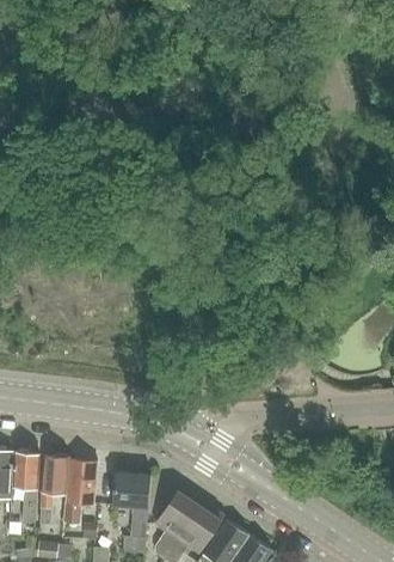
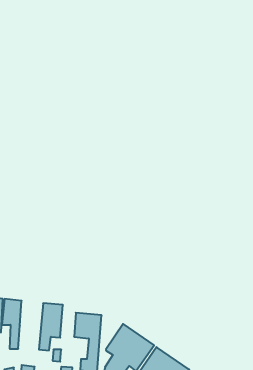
building: [38,456,67,525] -> none

